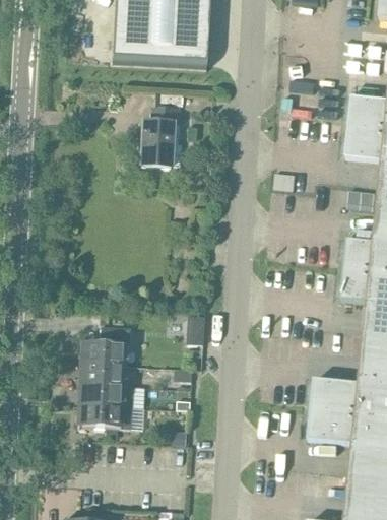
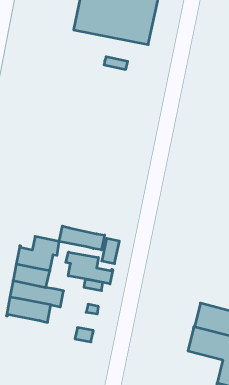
building: [139,107,179,167] -> none
building: none -> [59,226,105,250]
building: none -> [66,252,113,284]

